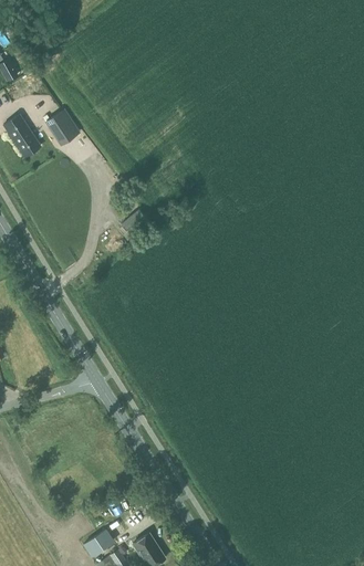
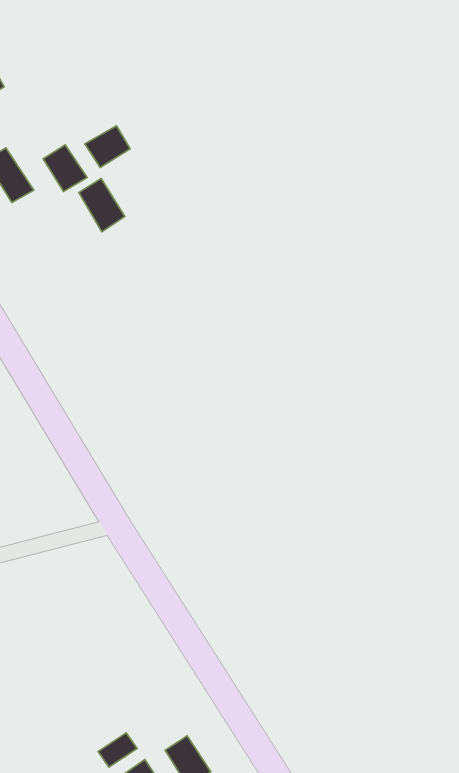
building: none -> [85,126,130,167]
building: none -> [79,178,125,232]

